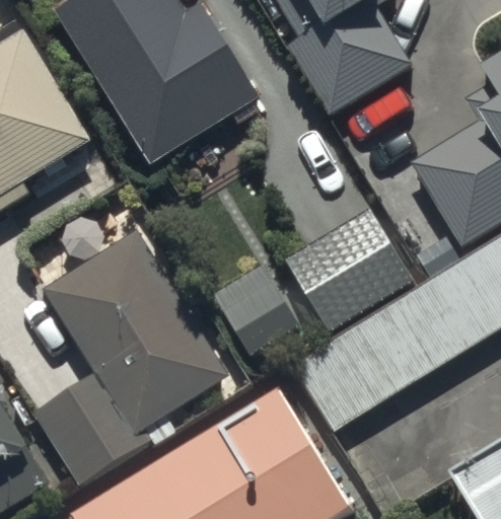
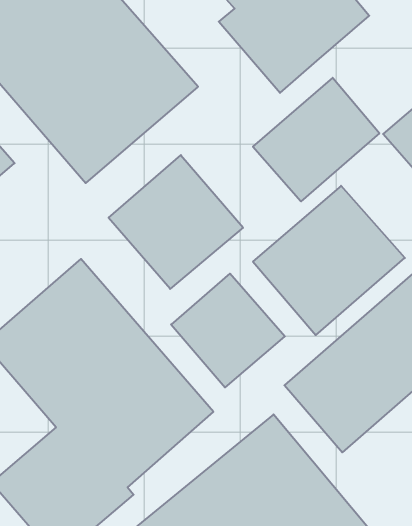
building: none -> [253,78,379,201]
building: none -> [109,155,243,289]

